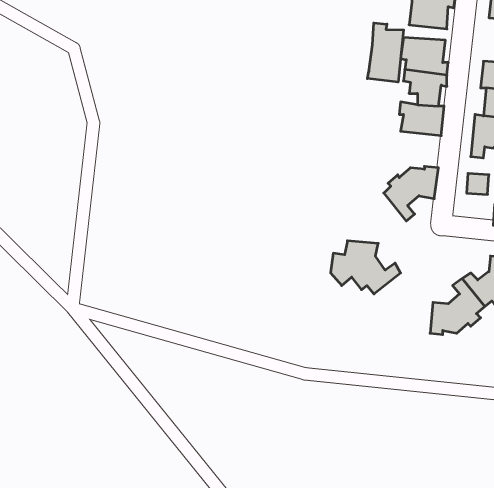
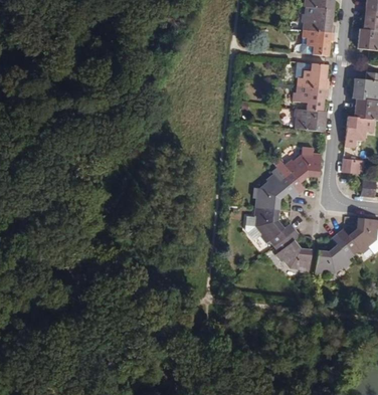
building: [367,23,404,82] -> none
building: none -> [255,172,298,208]
building: none -> [274,229,311,271]

